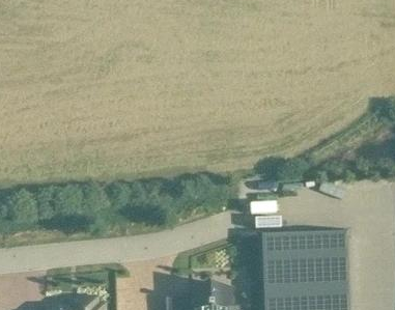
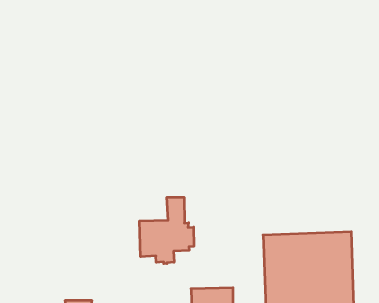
building: none -> [140,197,194,264]

